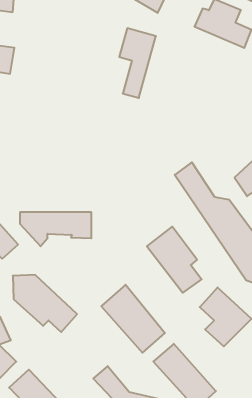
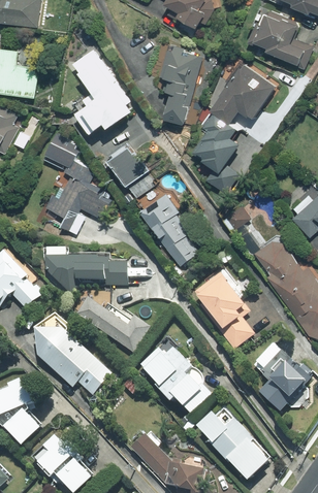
building: none -> [71,47,135,133]
building: none -> [191,58,284,192]
building: none -> [44,131,112,221]
building: none -> [107,145,155,198]
building: none -> [137,194,198,266]
building: none -> [77,298,151,353]

